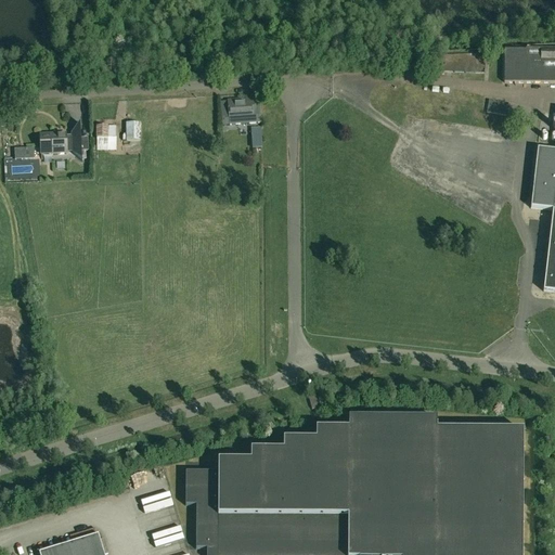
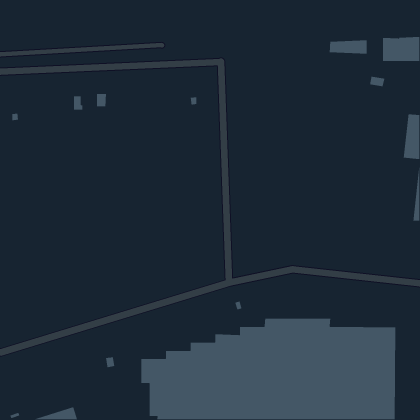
building: [228,96,254,117] -> none
building: [40,122,88,160] -> none

